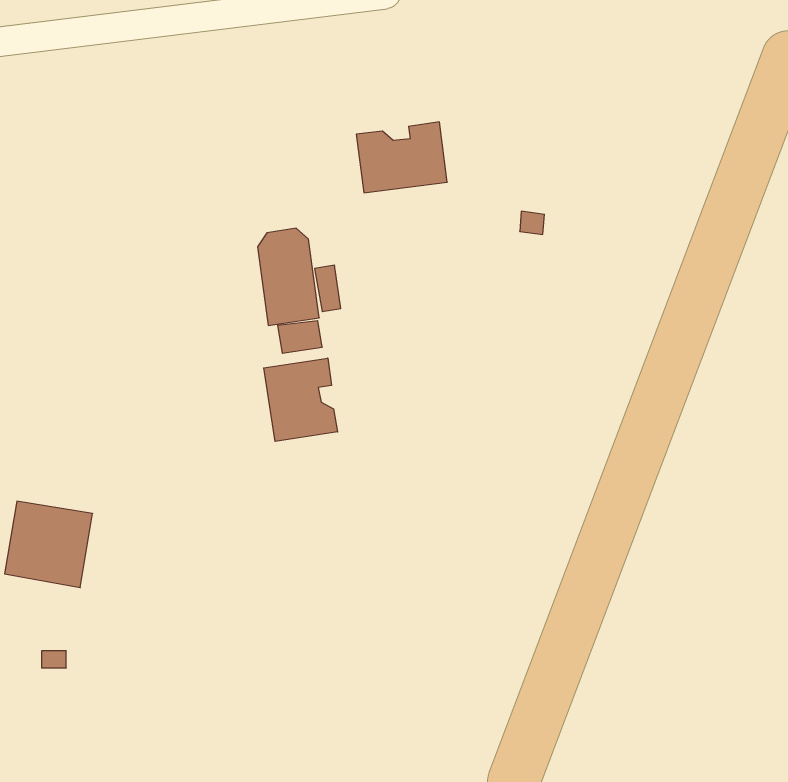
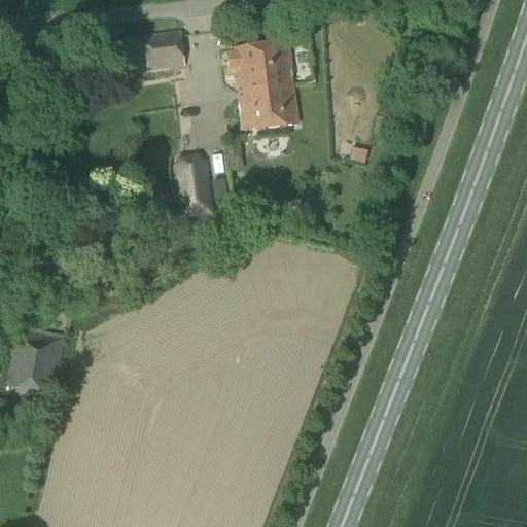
building: none -> [142,29,183,68]
building: none -> [233,40,293,94]
building: [264,358,338,441] -> none

